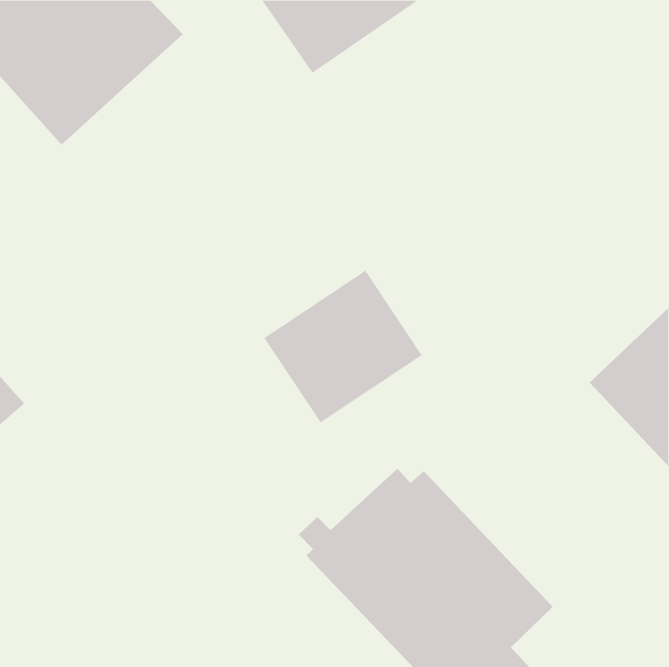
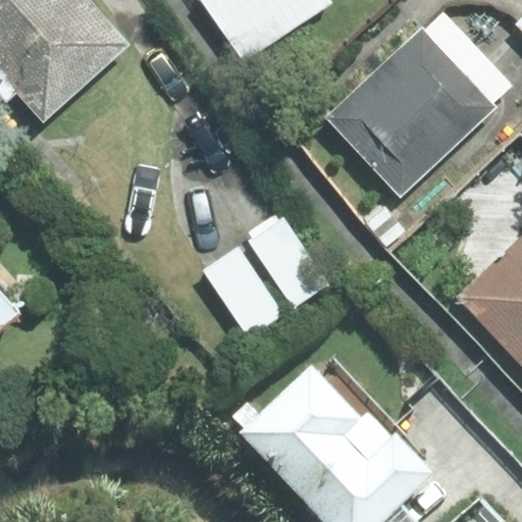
building: none -> [326,12,511,197]

